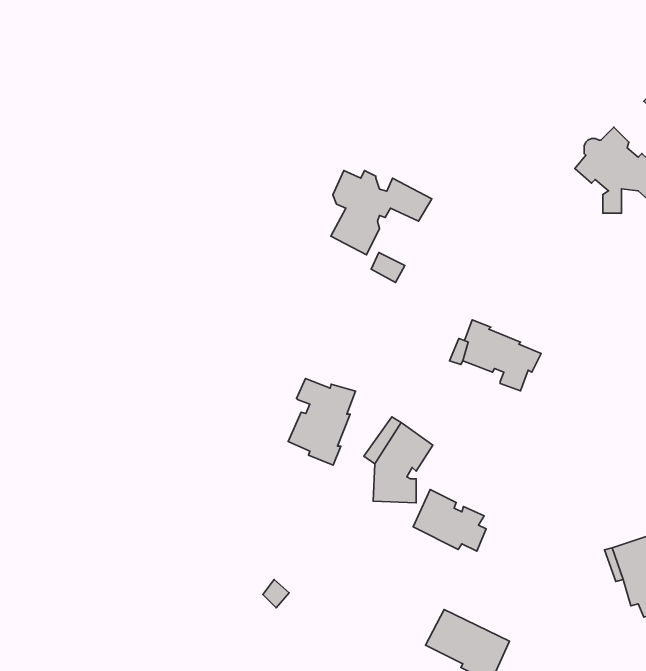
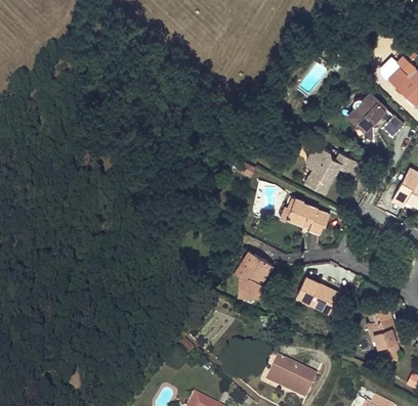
building: [331,171,432,255] -> [306,149,362,195]
building: [288,378,356,465] -> none
building: [413,490,486,551] -> [296,276,336,310]

